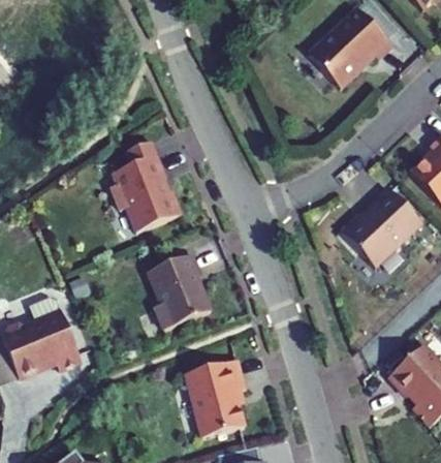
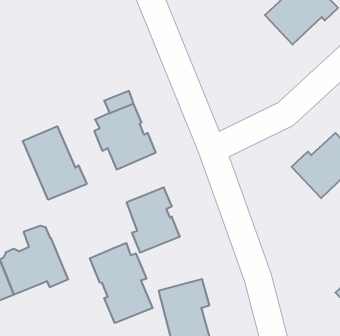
building: none -> [23,126,87,200]
building: none -> [90,243,152,323]

